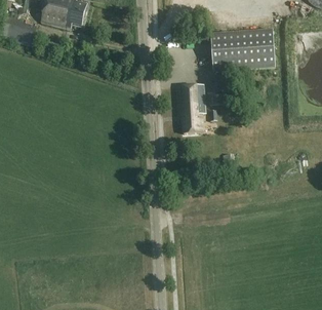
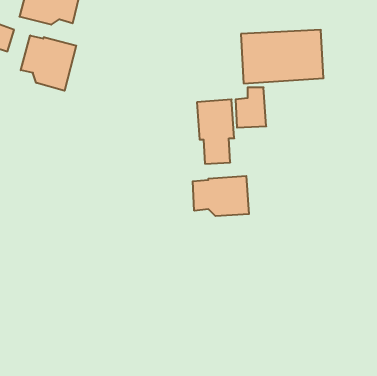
building: none -> [21,35,76,91]
building: none -> [193,176,249,216]

